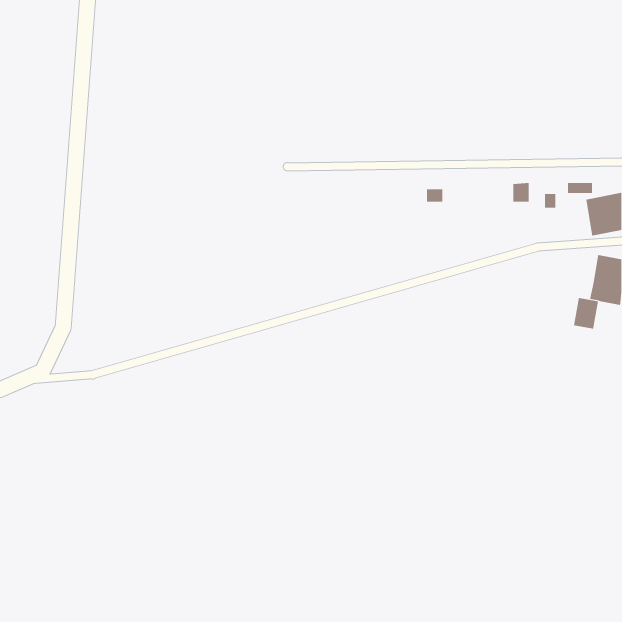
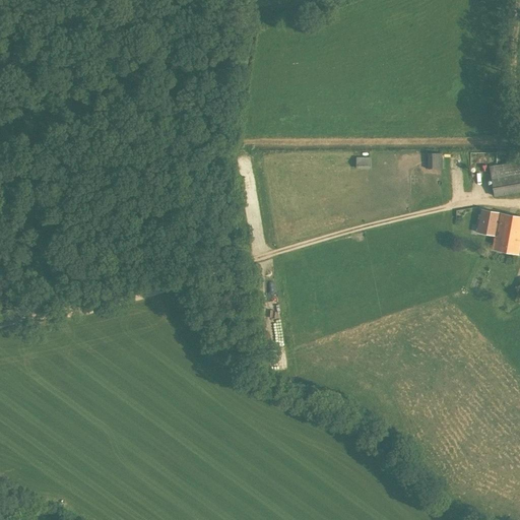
building: [573,298,599,329] -> [477,209,499,236]

